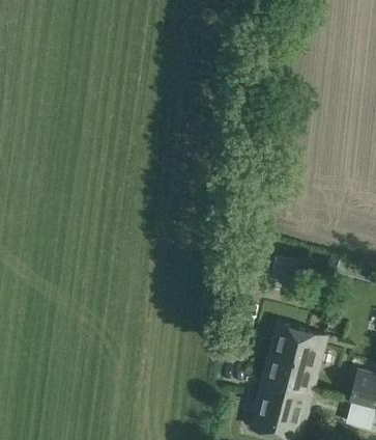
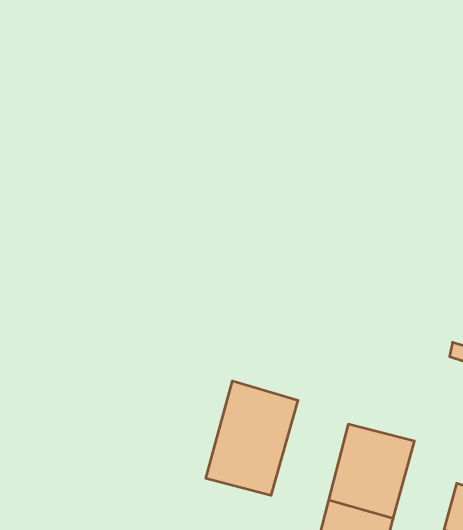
building: none -> [206,381,298,495]

